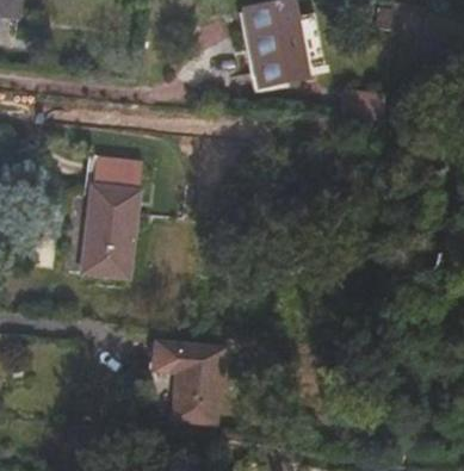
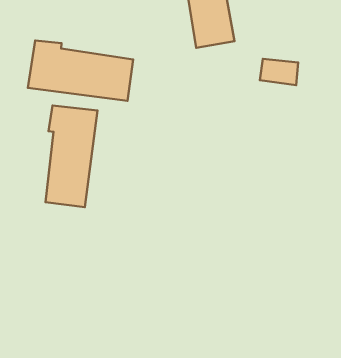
building: none -> [28,40,133,101]
building: [153,348,221,429] -> none

